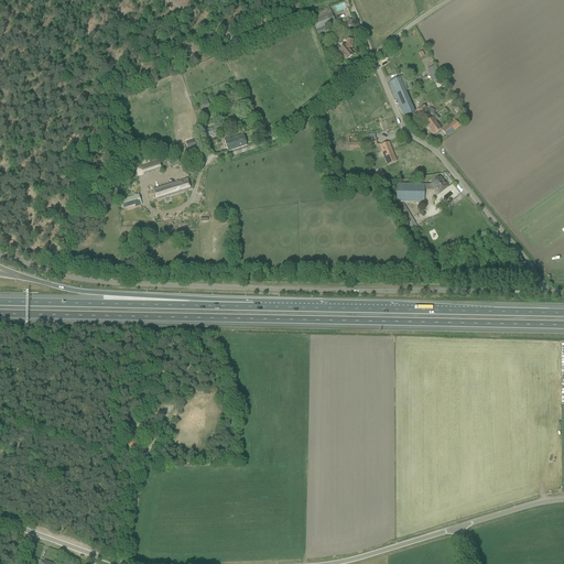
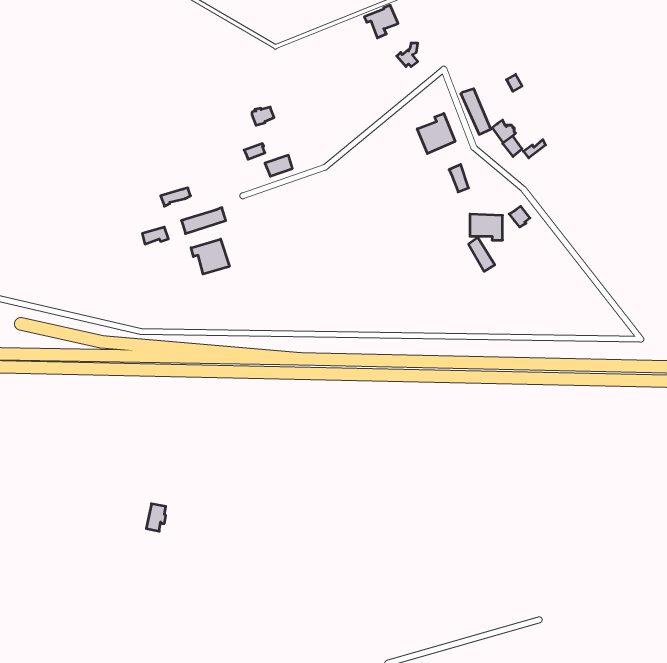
building: none -> [417,113,455,154]
building: none -> [191,239,229,274]

